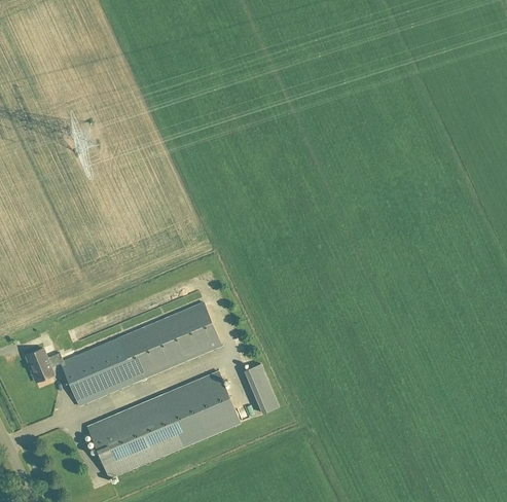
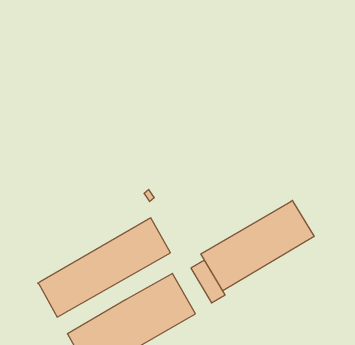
building: none -> [201,200,314,291]
building: [24,346,62,380] -> none

